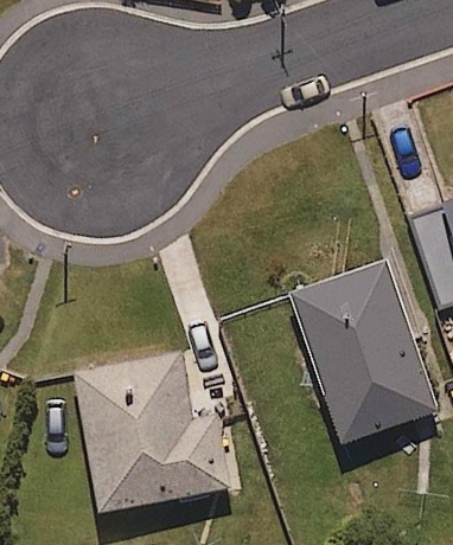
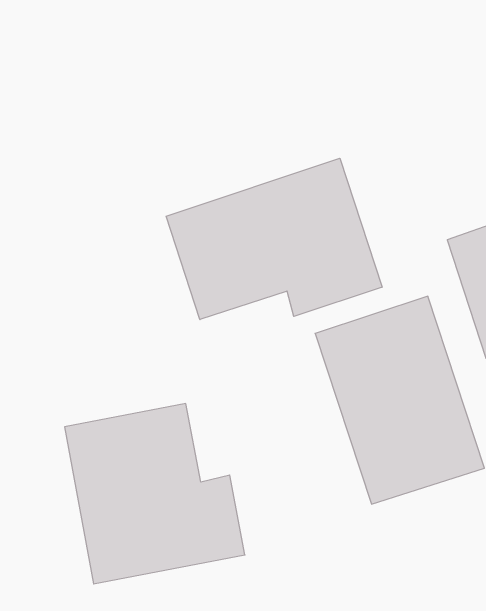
building: none -> [166,158,382,320]

